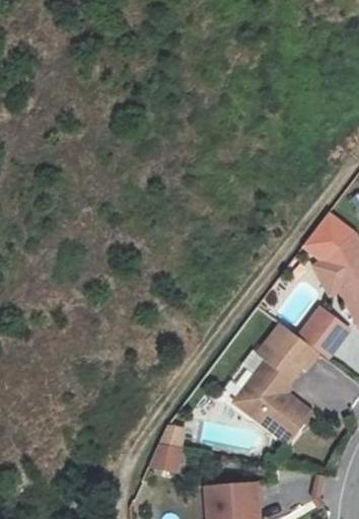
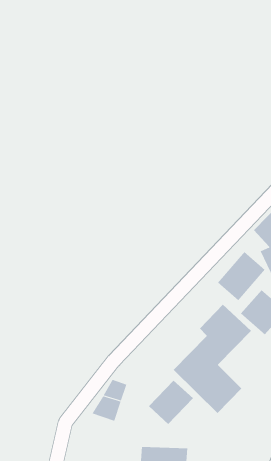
building: none -> [217,251,265,301]
building: none -> [148,380,194,425]

